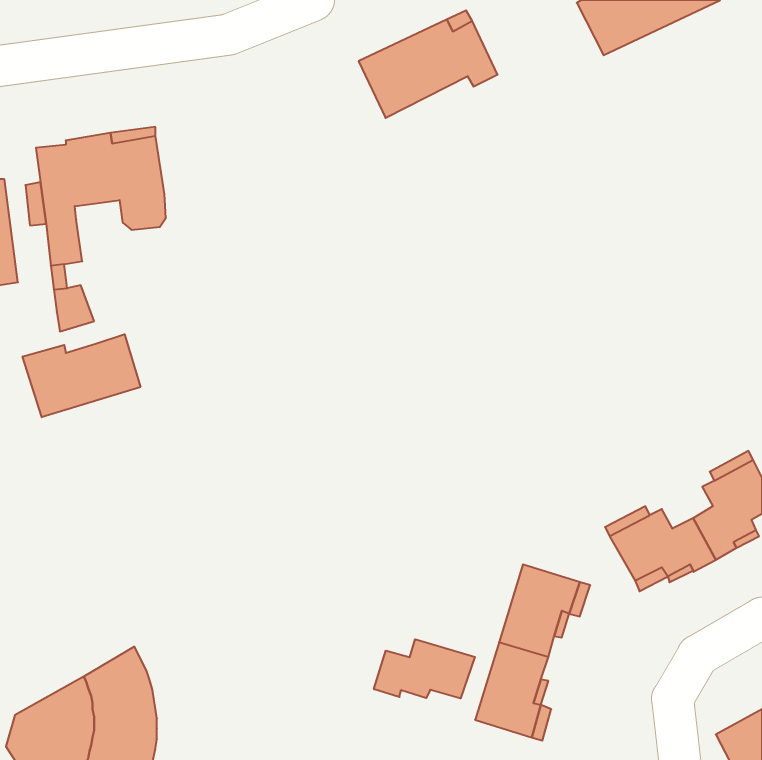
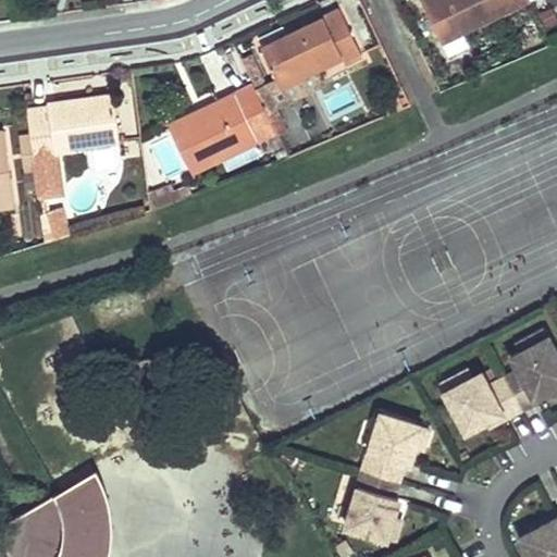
building: none -> [168,83,276,173]
building: [23,334,140,417] -> none
building: [374,639,475,698] -> none

